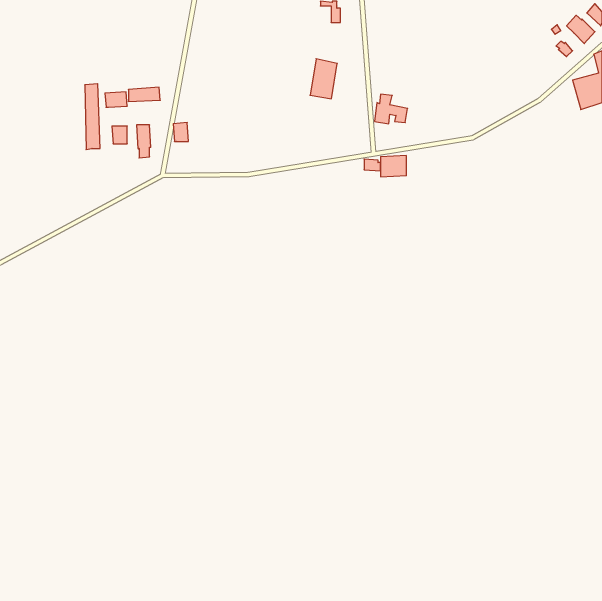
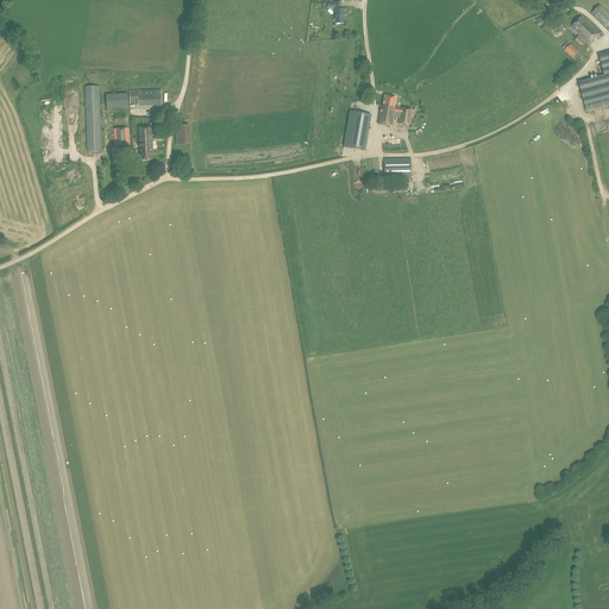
building: [310,59,337,99] -> [344,109,371,150]

